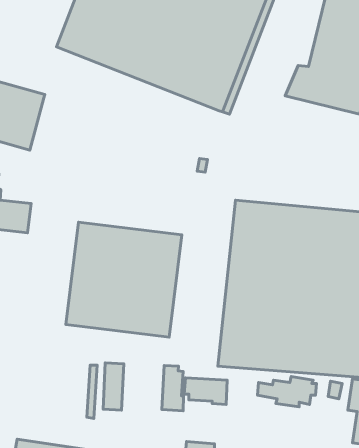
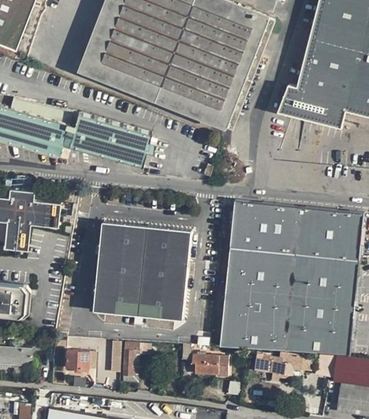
building: none -> [69,114,156,168]
building: [162,366,184,411] -> none
building: none -> [63,352,89,375]

